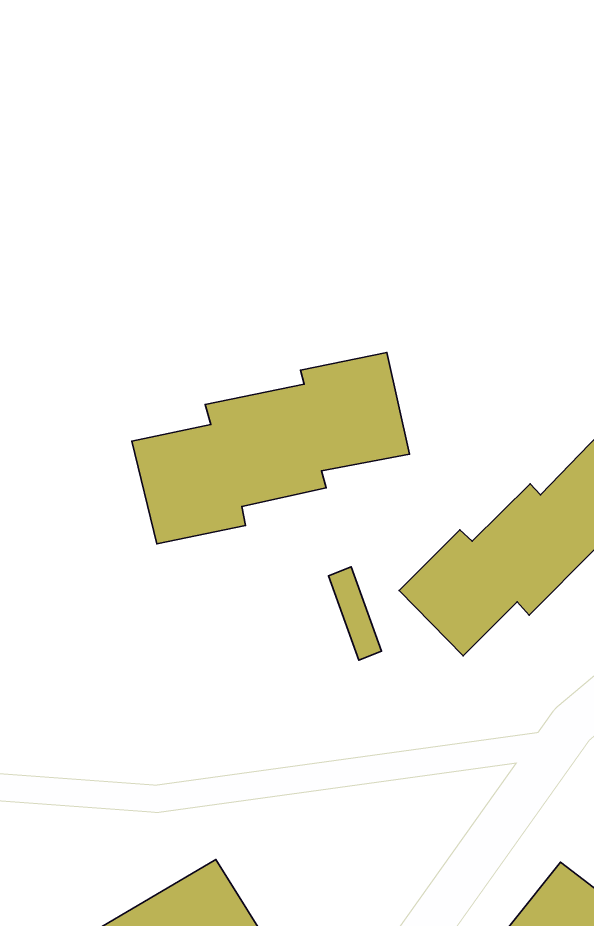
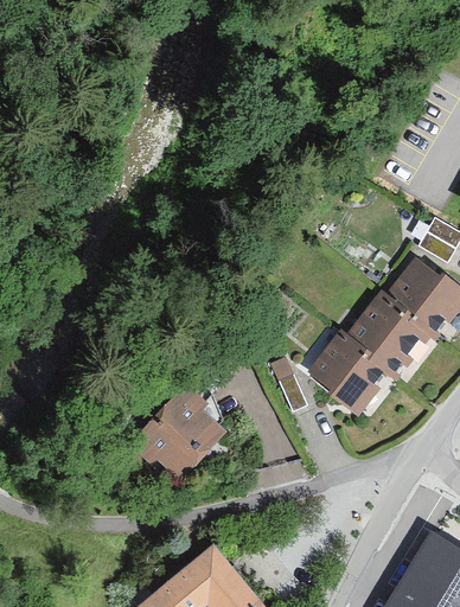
building: [132,352,410,544] -> none
building: none -> [138,391,216,468]

